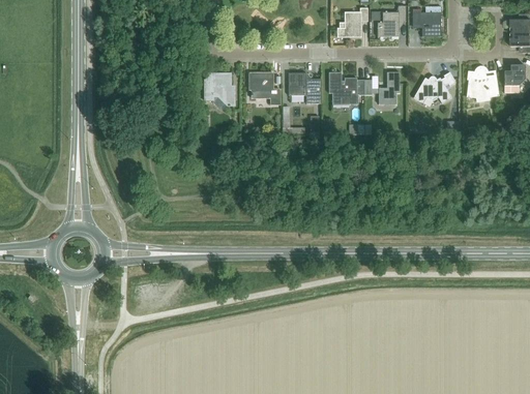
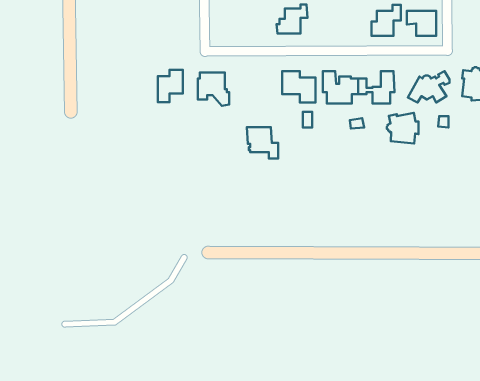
building: [336,7,367,36] -> [276,4,308,34]
building: none -> [158,70,183,102]
building: [248,72,279,103] -> [247,127,278,159]
building: none -> [387,113,418,143]

